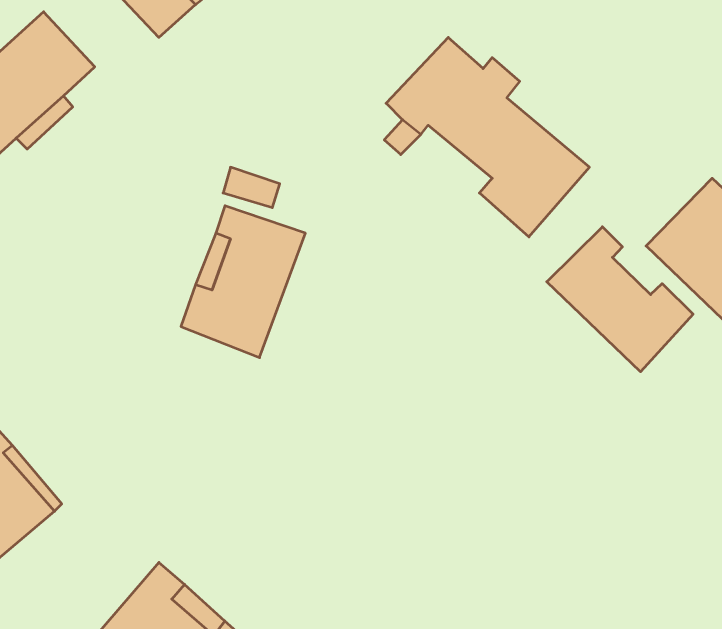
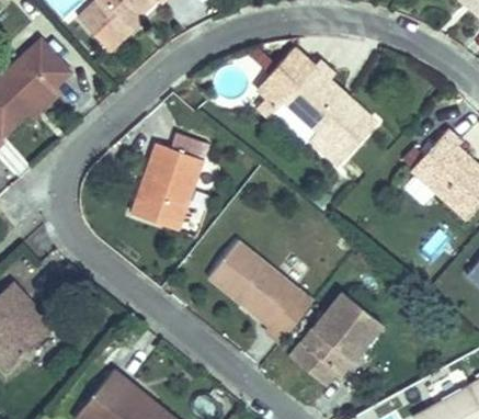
building: [547,227,693,372] -> none
building: none -> [208,241,312,347]
building: none -> [295,291,390,384]

